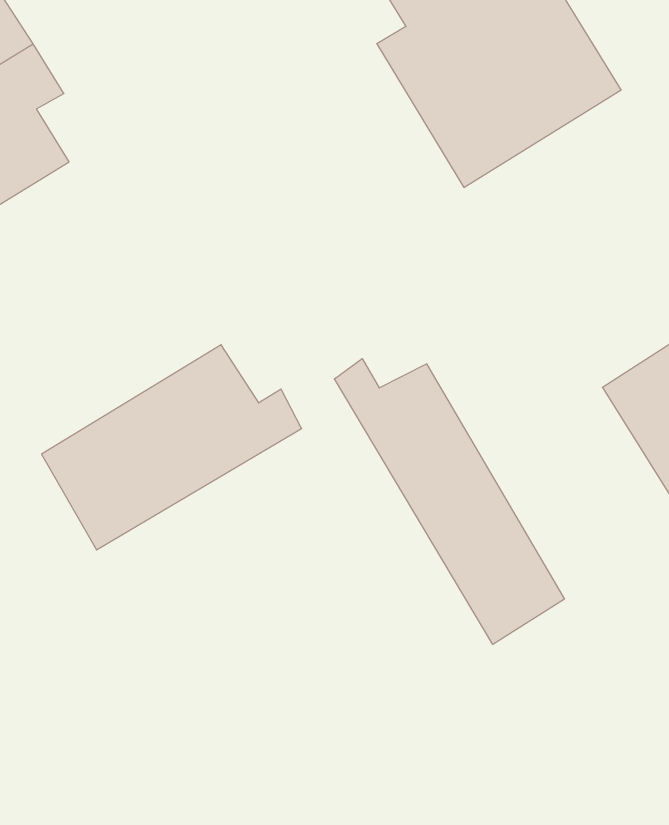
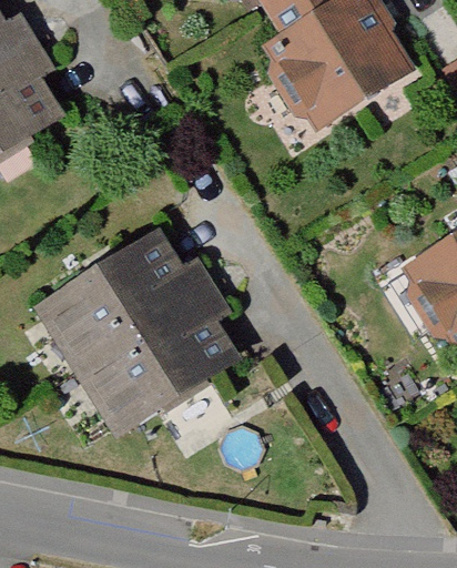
building: [334,359,564,644] -> none
building: none -> [75,291,233,430]

